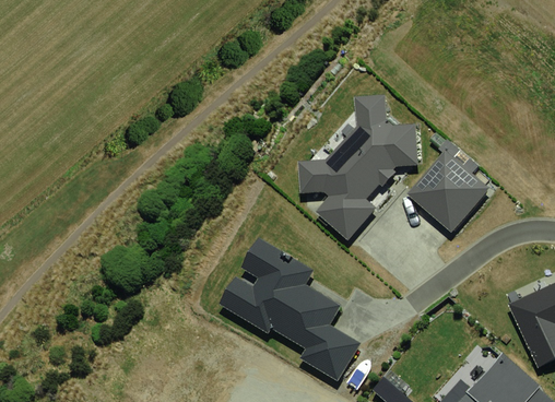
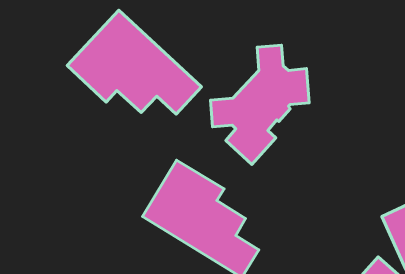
building: none -> [67,10,202,114]
building: [408,150,489,232] -> none

